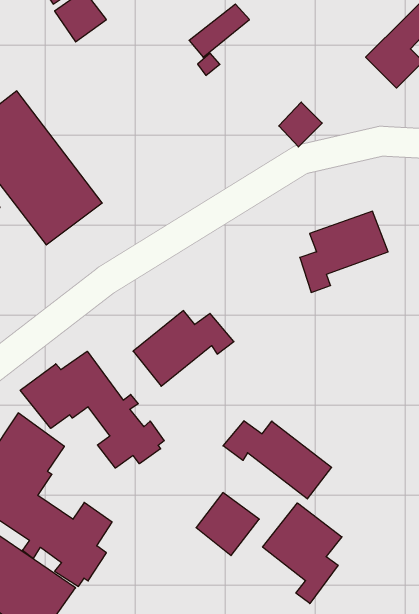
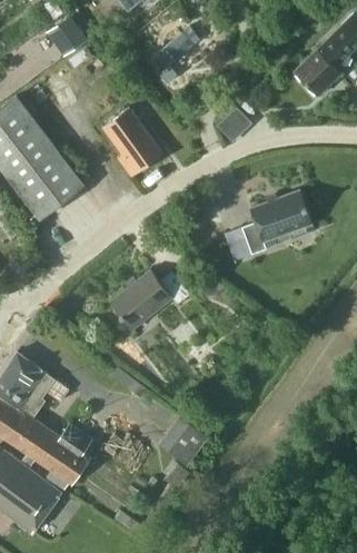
building: none -> [101,108,162,177]
building: [20,351,164,468] -> none
building: [223,421,332,499] -> none
building: [263,503,342,604] -> none

